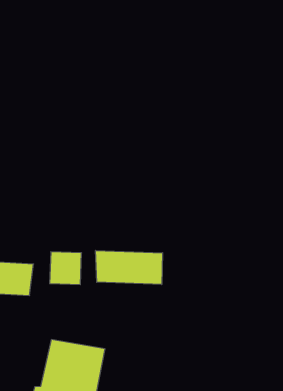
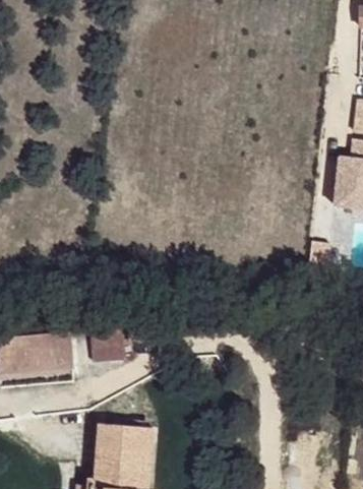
building: [96,250,163,285] -> none

